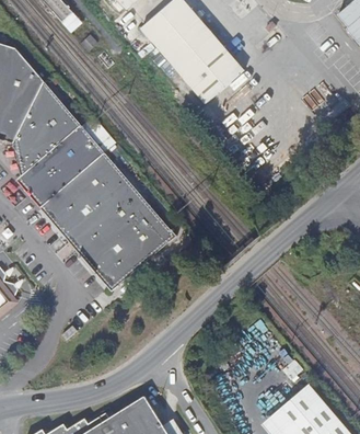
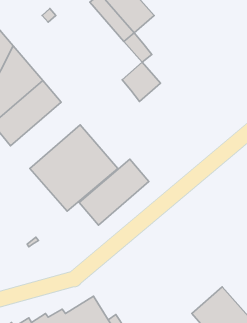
building: [195,43,243,92] -> [122,62,160,101]
building: [39,152,127,236] -> [79,159,149,225]

